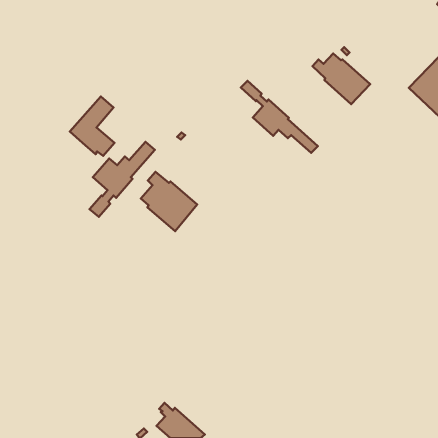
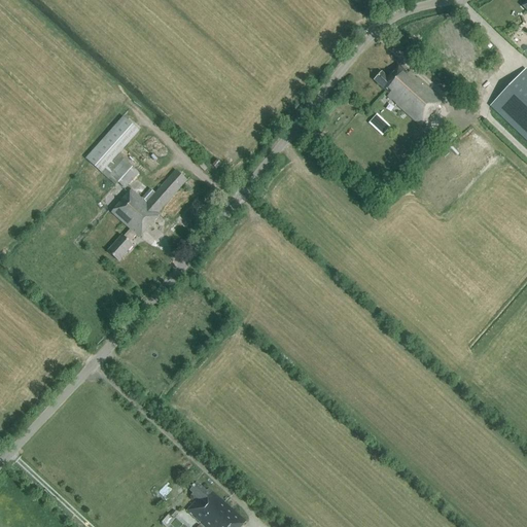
building: [241,81,318,153] -> none
building: [141,172,197,231] -> none

